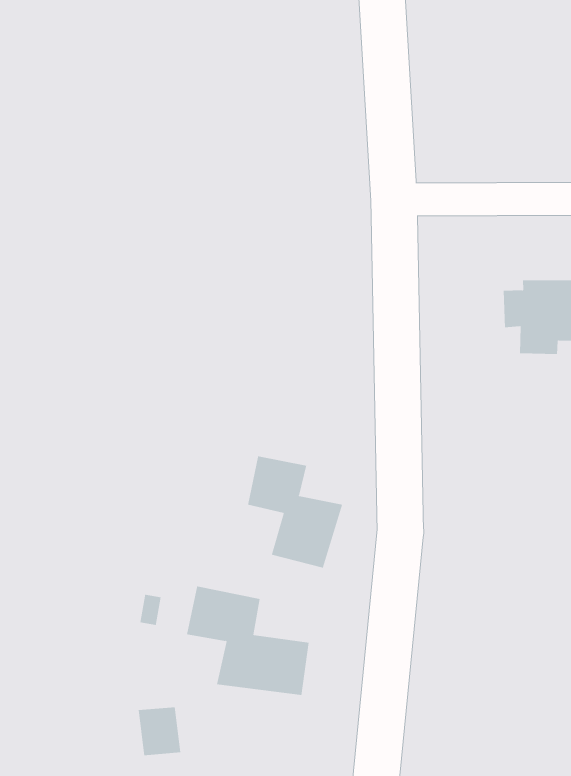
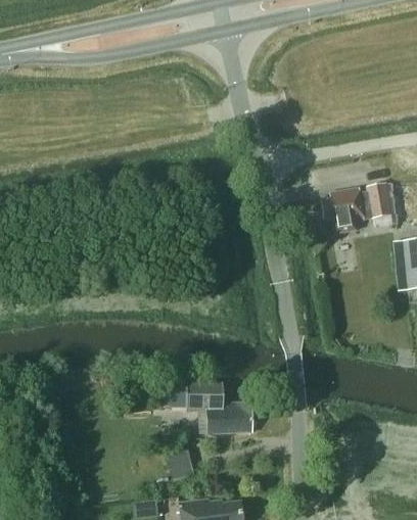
building: [248,455,343,569] -> none

